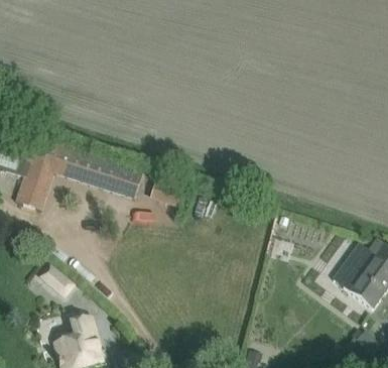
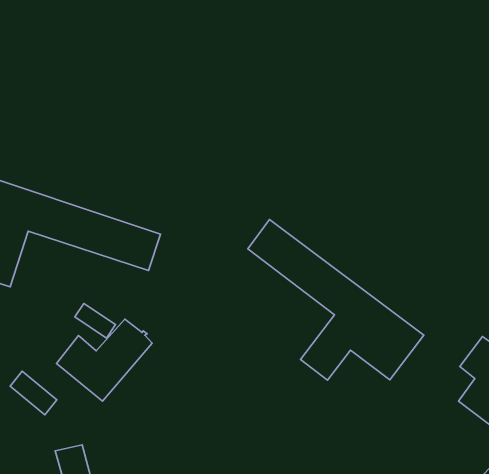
building: none -> [248,220,424,380]
building: none -> [57,319,152,401]

